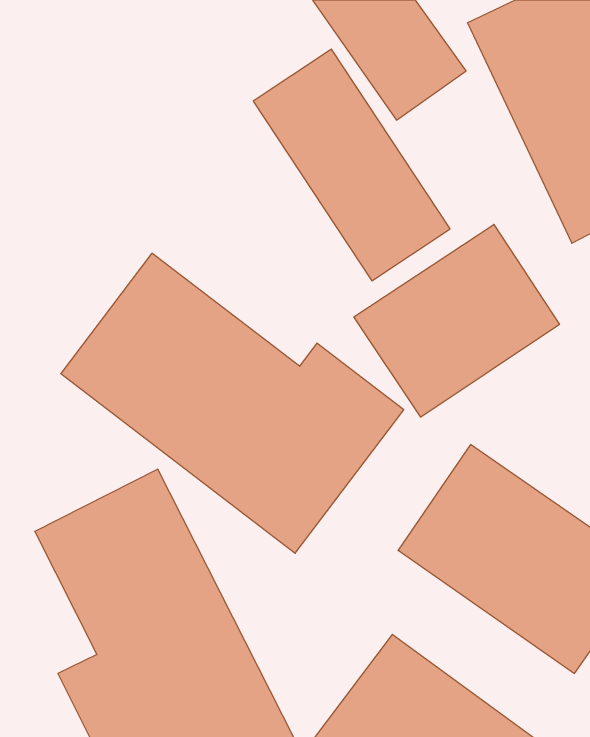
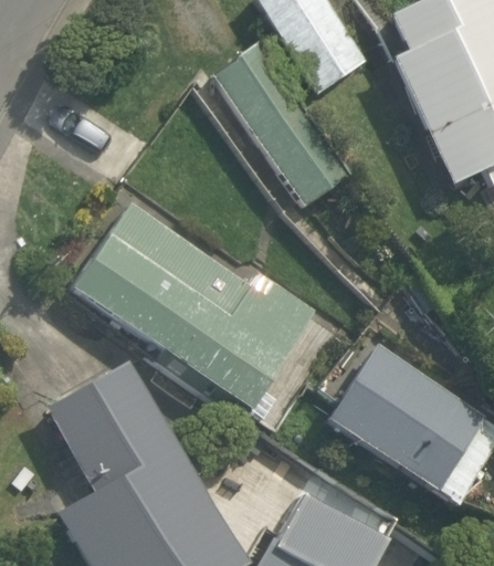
building: [354,224,559,417] -> none

